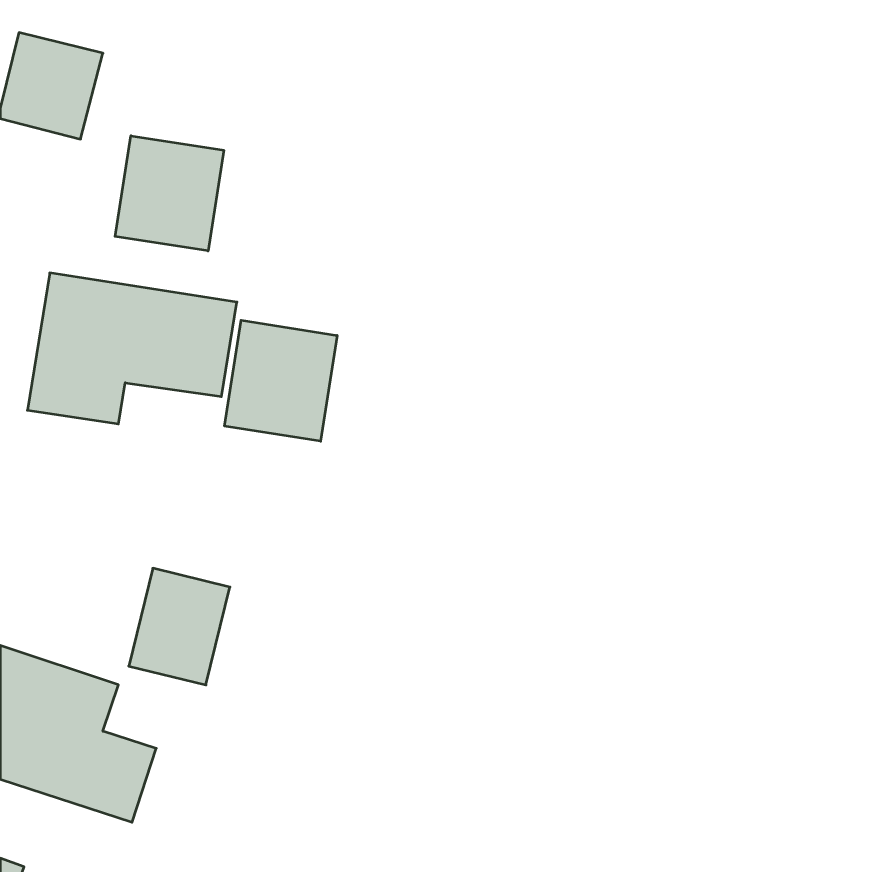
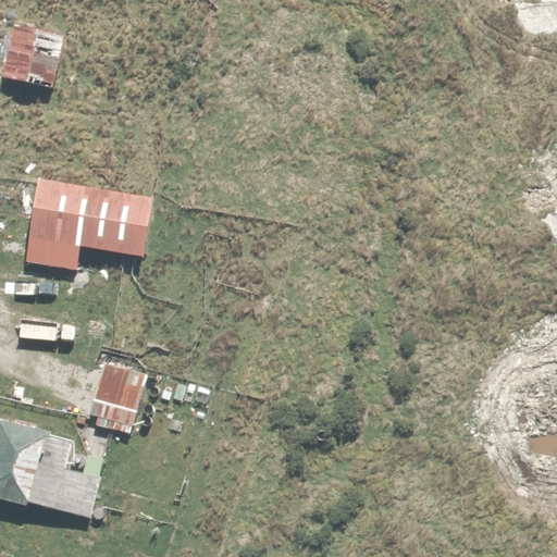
building: [115,136,224,251] -> none
building: [225,320,337,441] -> none

